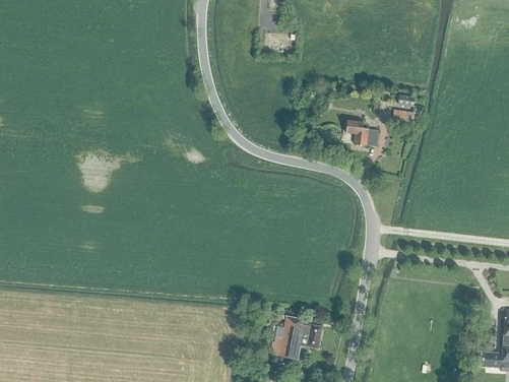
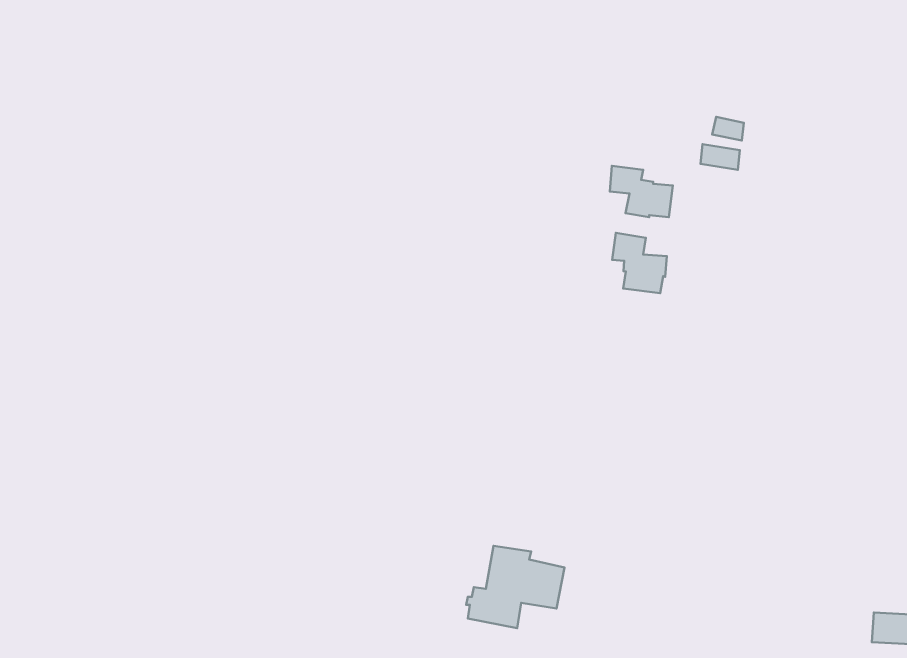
building: none -> [612,233,667,293]

